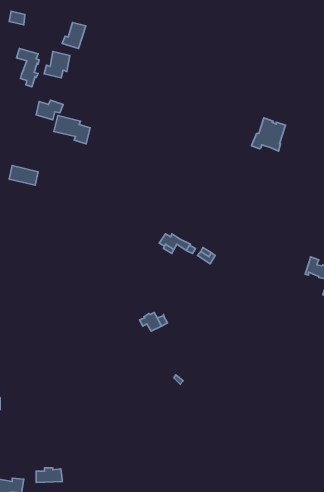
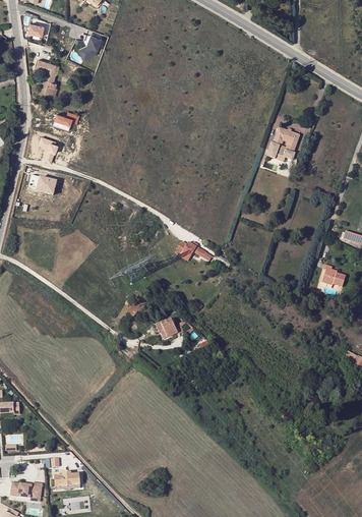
building: [44,51,70,78] -> none
building: [54,116,90,144] -> none

